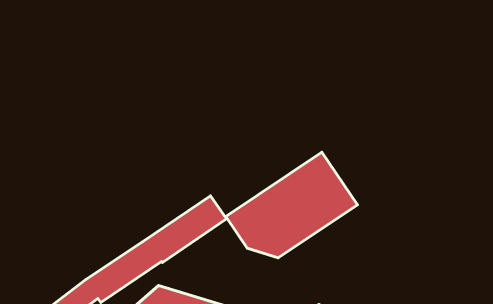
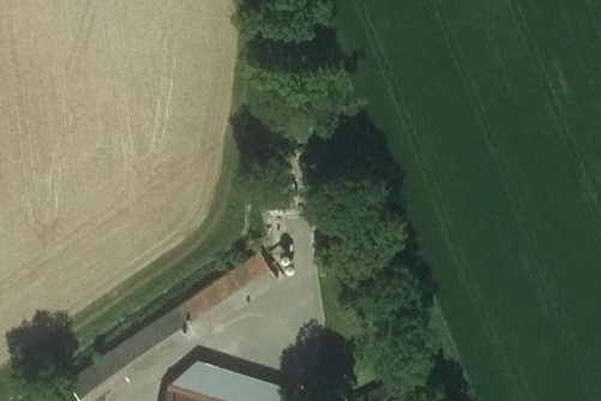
building: [226,152,357,258] -> none

